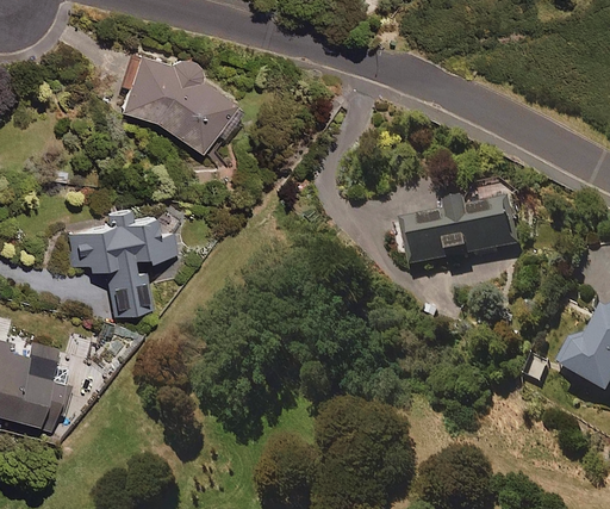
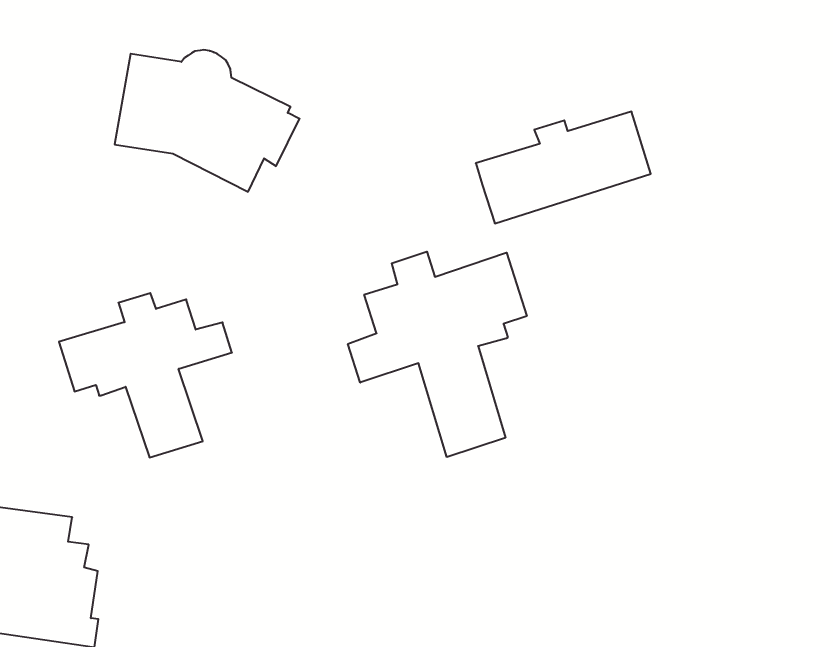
building: [406,204,518,265] -> [476,112,651,223]
building: none -> [348,252,527,457]

